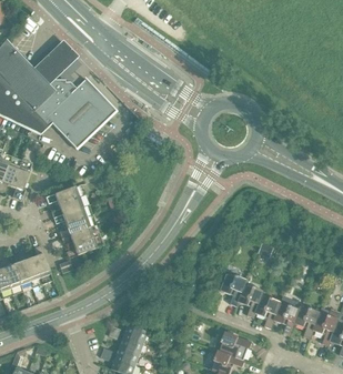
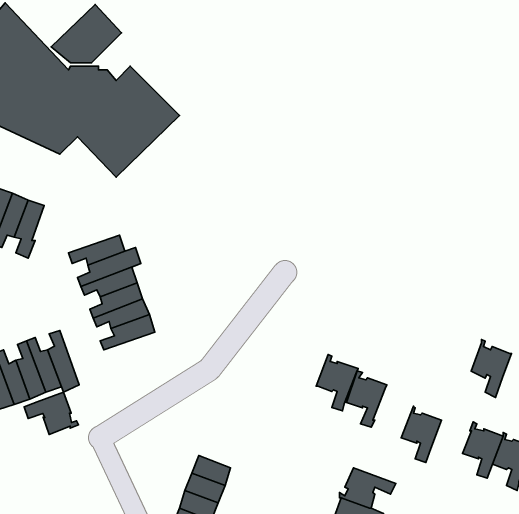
building: [236,282,263,317] -> [316,355,358,411]
building: none -> [24,392,78,435]
building: [273,300,299,336] -> [471,339,511,397]

